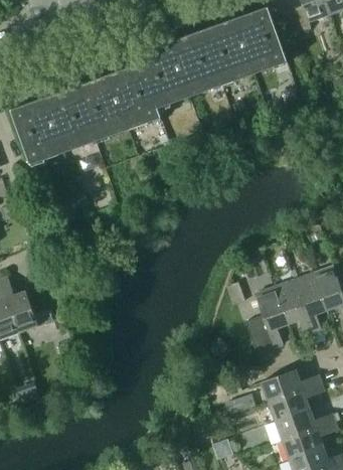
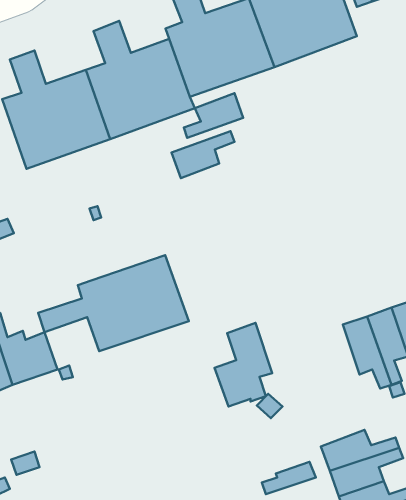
building: none -> [184,93,243,138]
building: none -> [172,131,234,178]
building: none -> [38,255,189,351]
building: [243,286,289,351] -> [214,323,272,406]

